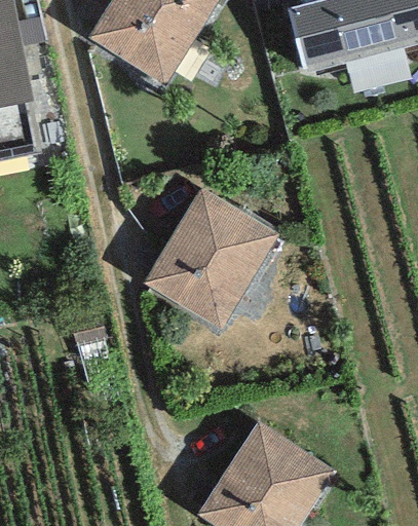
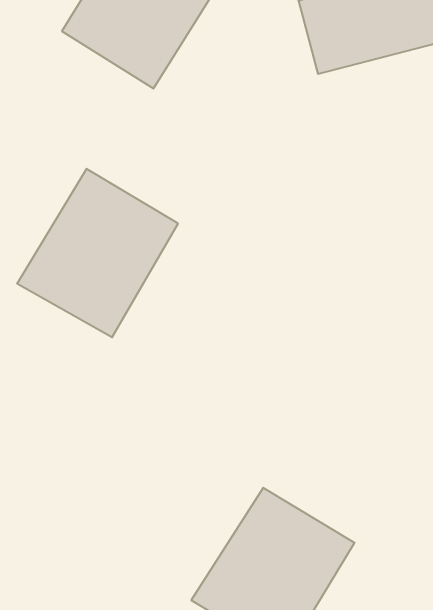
building: [144,188,279,330] -> [17,169,178,337]

